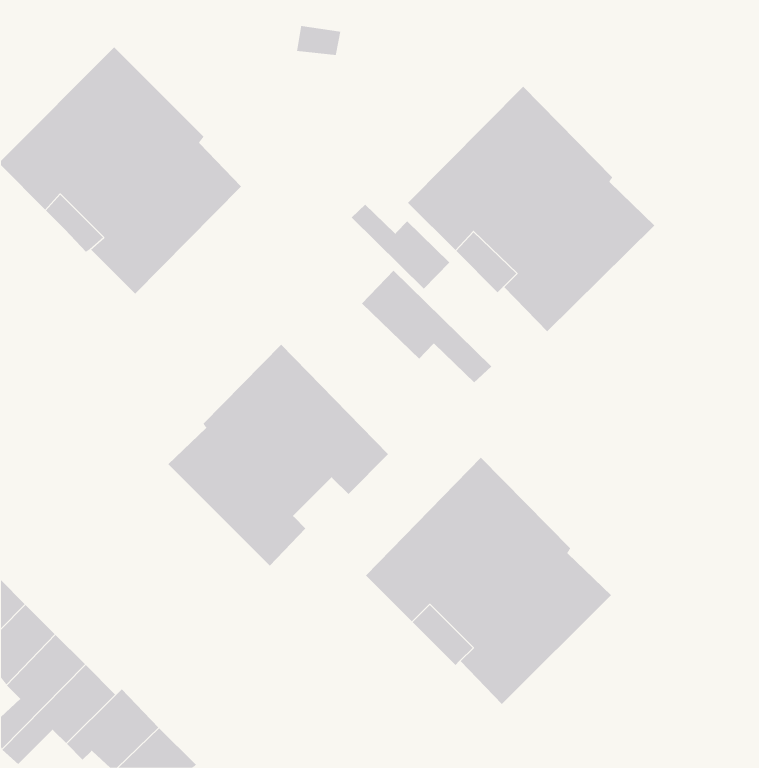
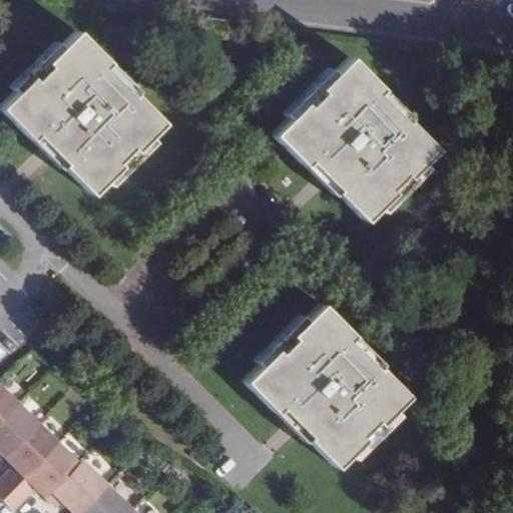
building: [351,204,450,290] -> none
building: [361,270,492,383] -> none
building: [168,344,389,566] -> none

